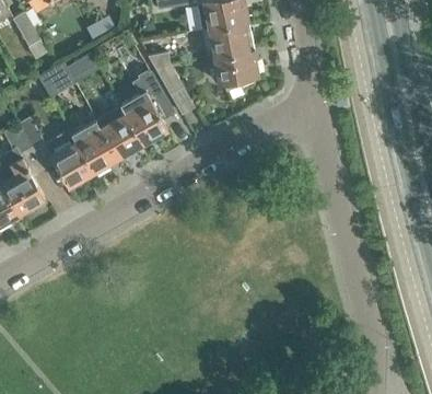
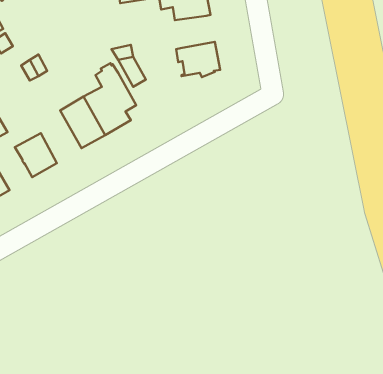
building: [208,22,253,55] -> none
building: [70,118,117,172] -> none

